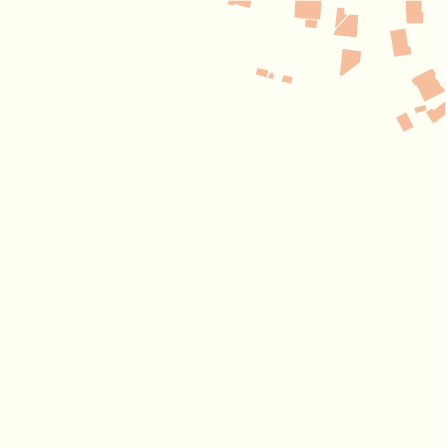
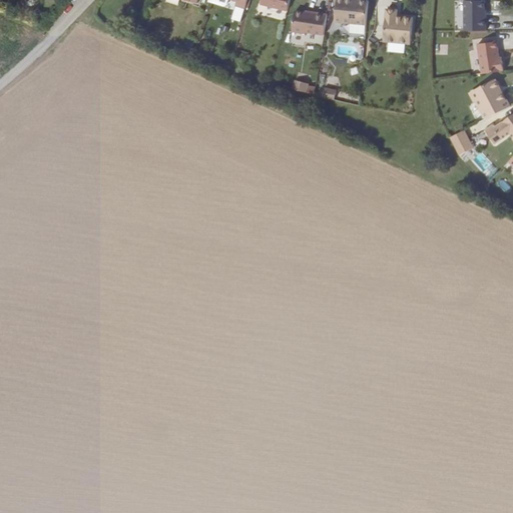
building: none -> [291,10,326,33]
building: [389,28,412,57] -> [477,38,503,71]
building: [339,48,362,76] -> none

